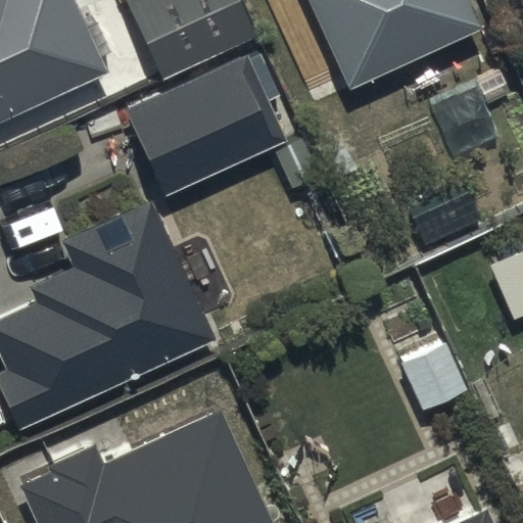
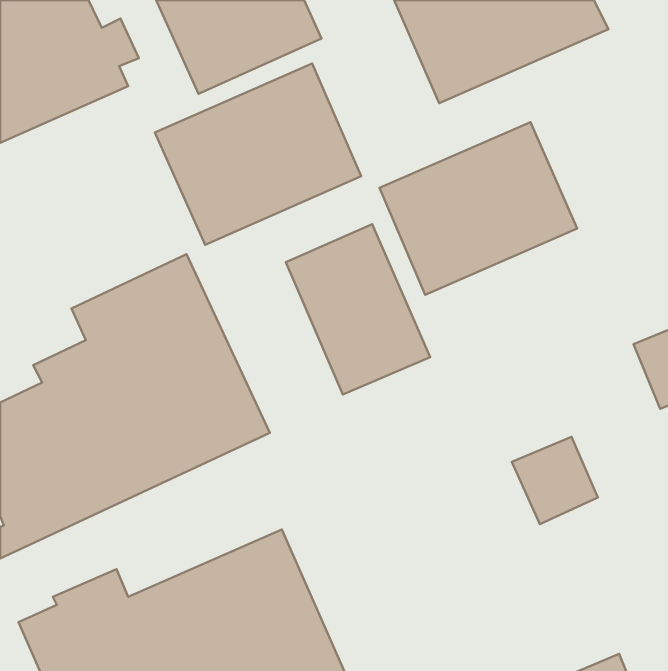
building: none -> [379,122,577,295]
building: none -> [286,224,430,394]

